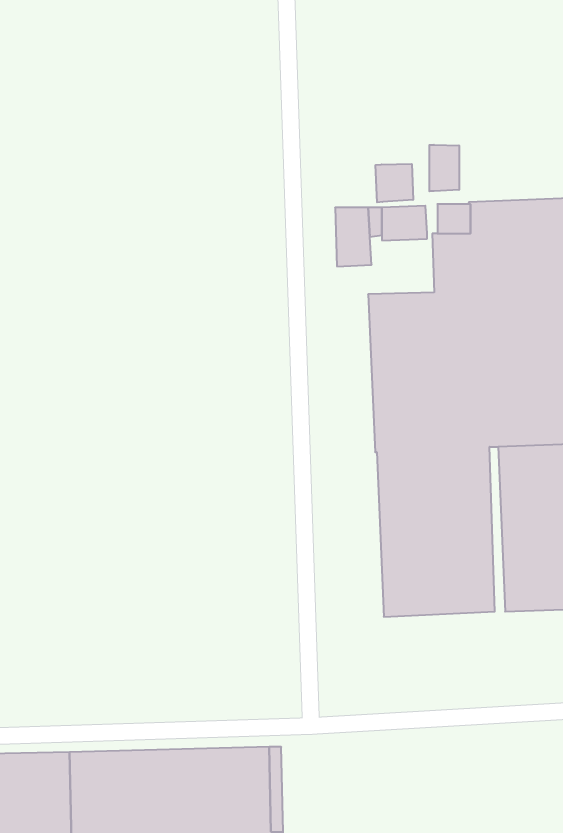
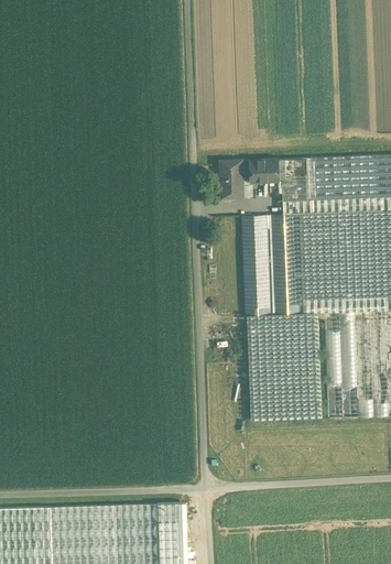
building: [429,145,459,191] -> none
building: [376,164,413,202] -> none

